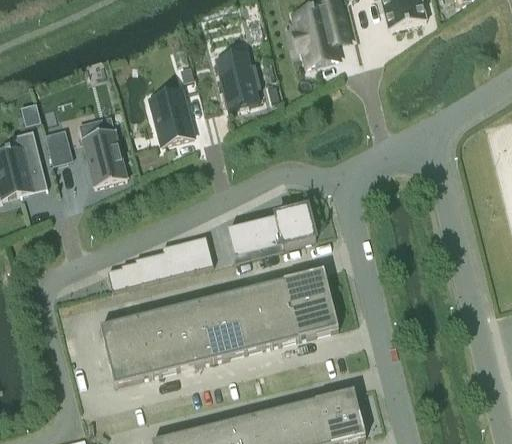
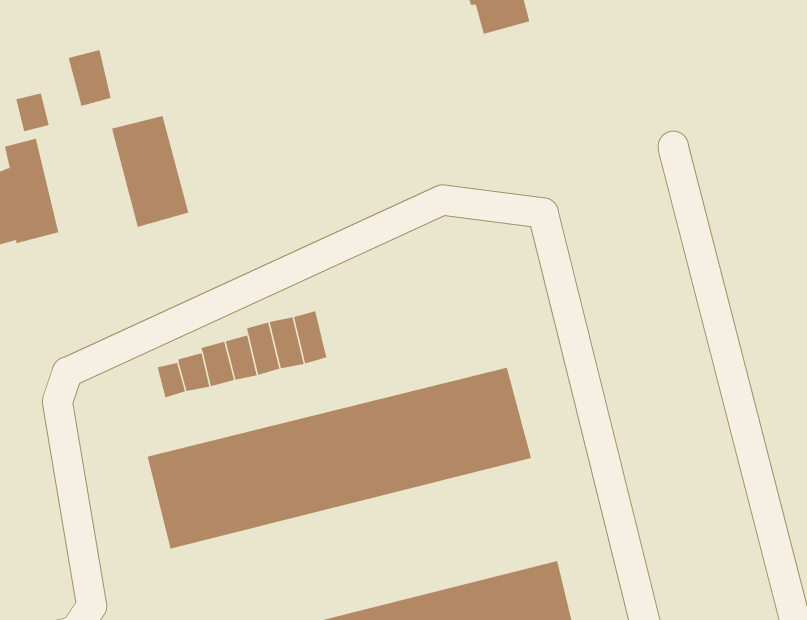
building: [215,50,260,107] -> none
building: [146,86,196,146] -> none
building: [45,128,72,163] -> [68,50,112,106]
building: [228,206,317,258] -> none

